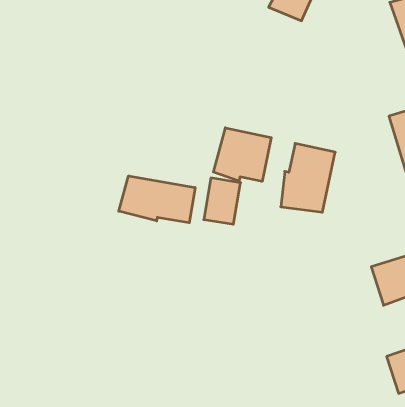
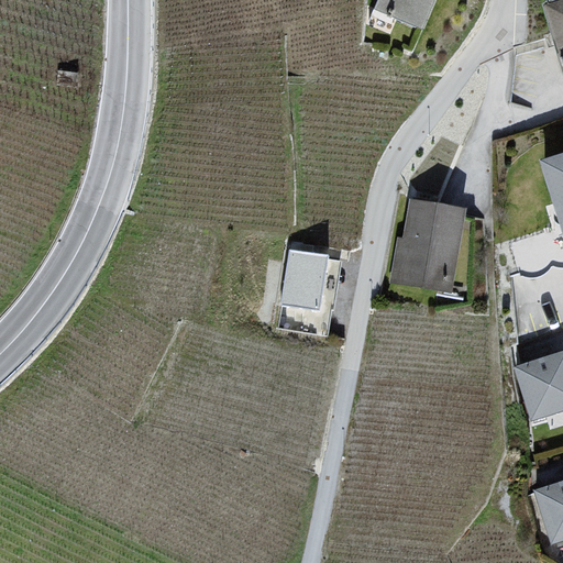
building: [213,128,271,181] -> none
building: [119,176,195,223] -> none

